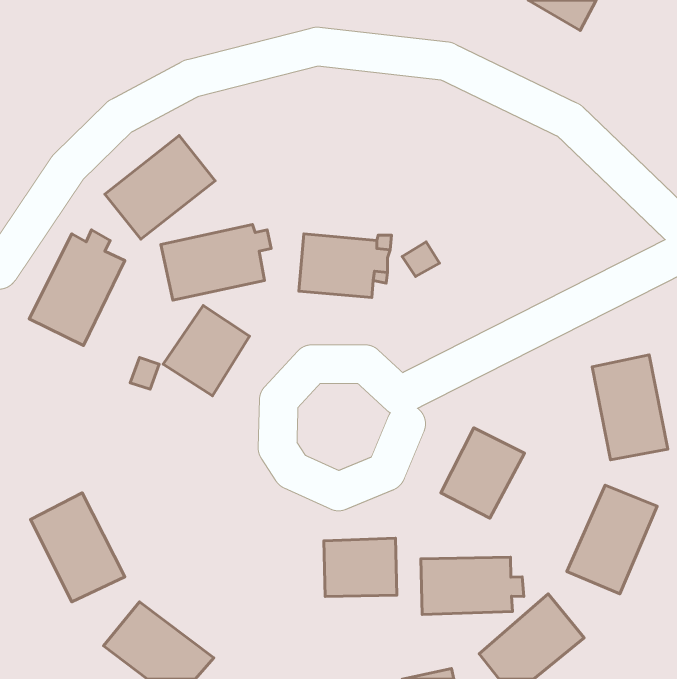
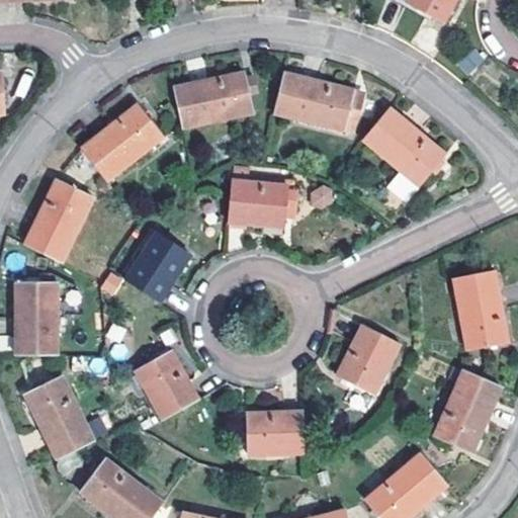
building: none -> [274,72,363,131]
building: none -> [362,107,446,200]
building: [161,225,271,300] -> [174,71,258,128]
building: none -> [14,282,59,354]
building: none -> [136,350,198,418]
building: [421,557,524,614] -> none

